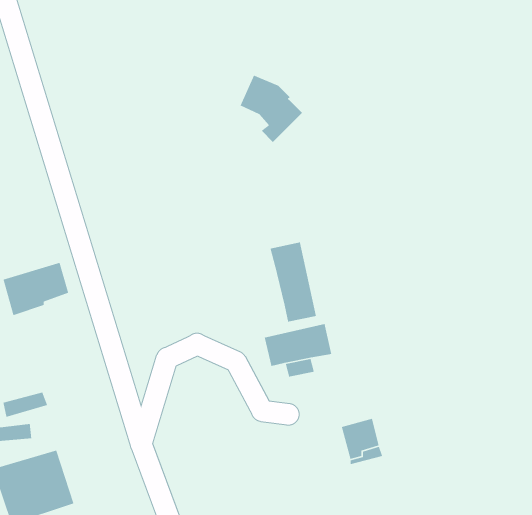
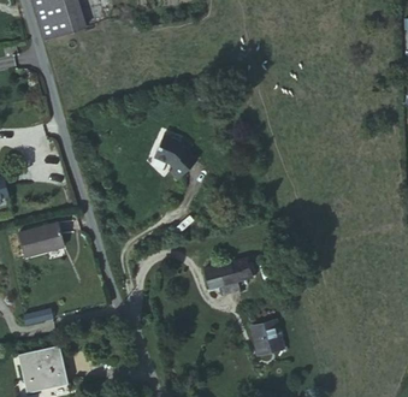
building: [240,74,303,143] -> [154,128,197,174]
building: [270,241,317,322] -> none

